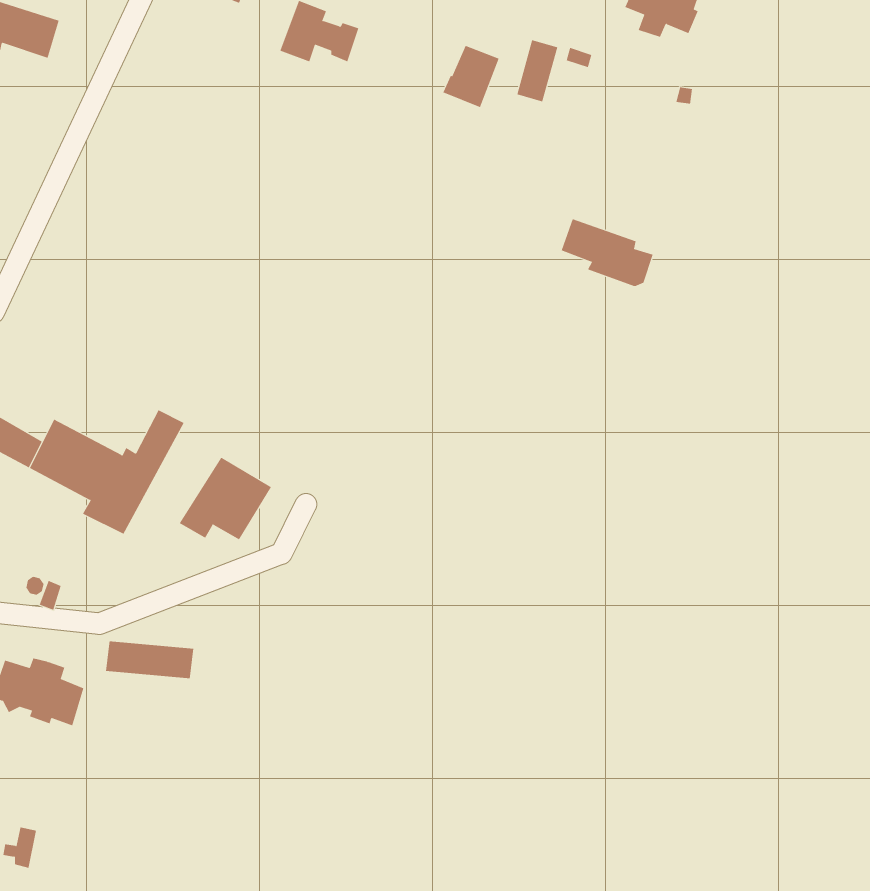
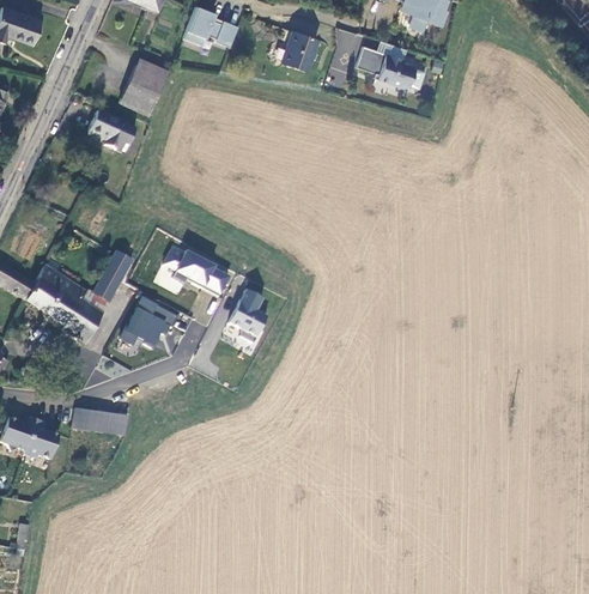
building: none -> [120,55,166,113]
building: none -> [87,111,126,151]
building: [561,218,654,287] -> [359,47,418,90]
building: none -> [153,241,233,293]
building: none -> [223,285,268,352]

